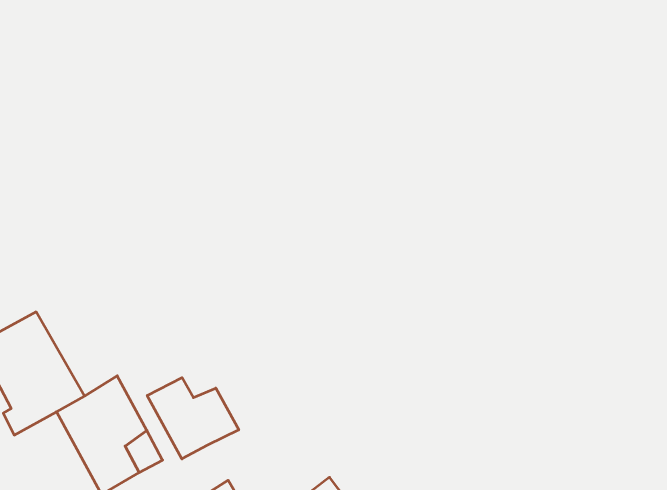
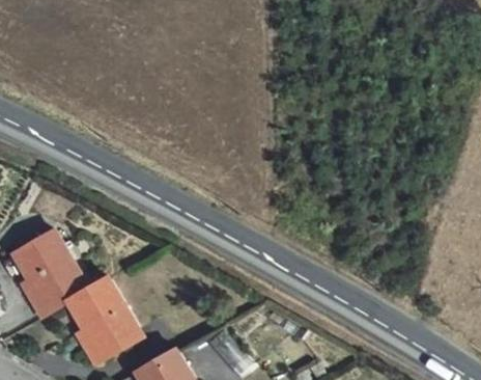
building: [147,378,239,459] -> none

